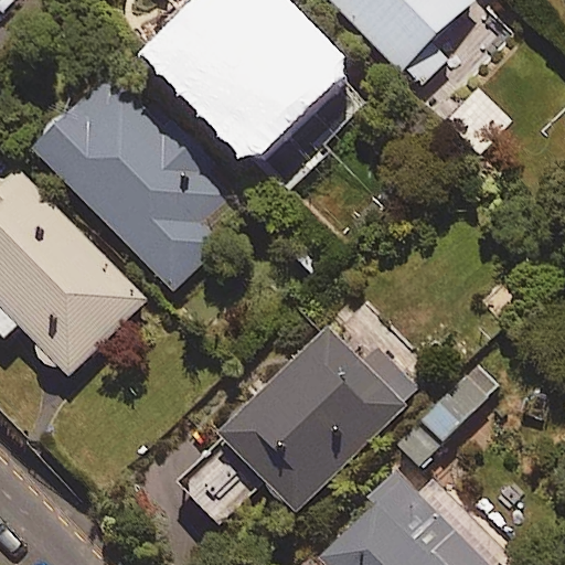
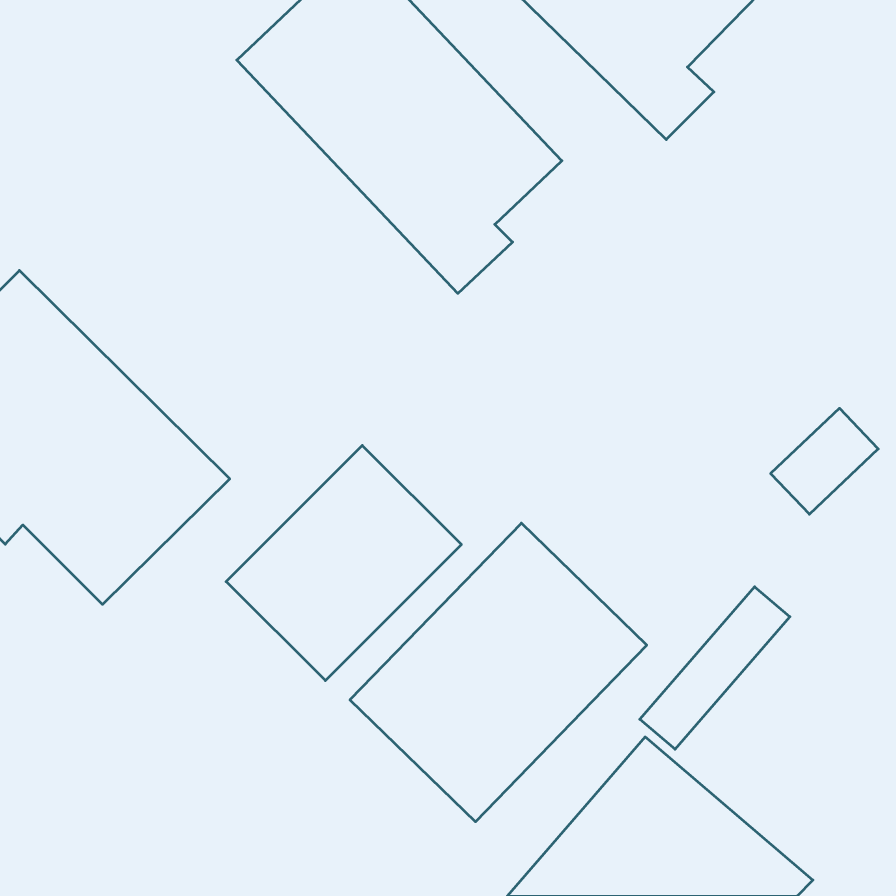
building: [33,75,228,290] -> none
building: none -> [226,445,461,681]

